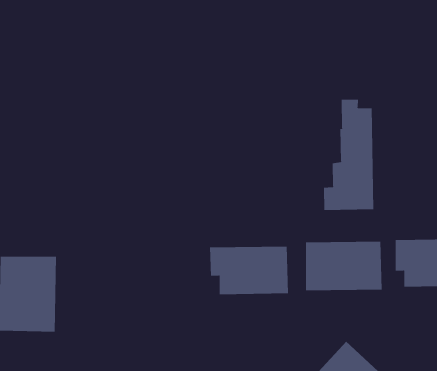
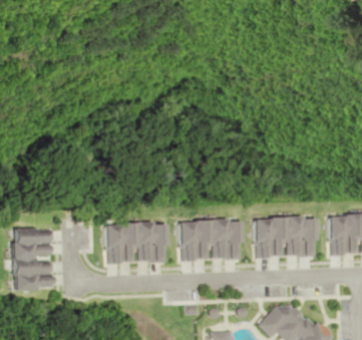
building: [323,99,374,211] -> none
building: none -> [102,223,165,263]

